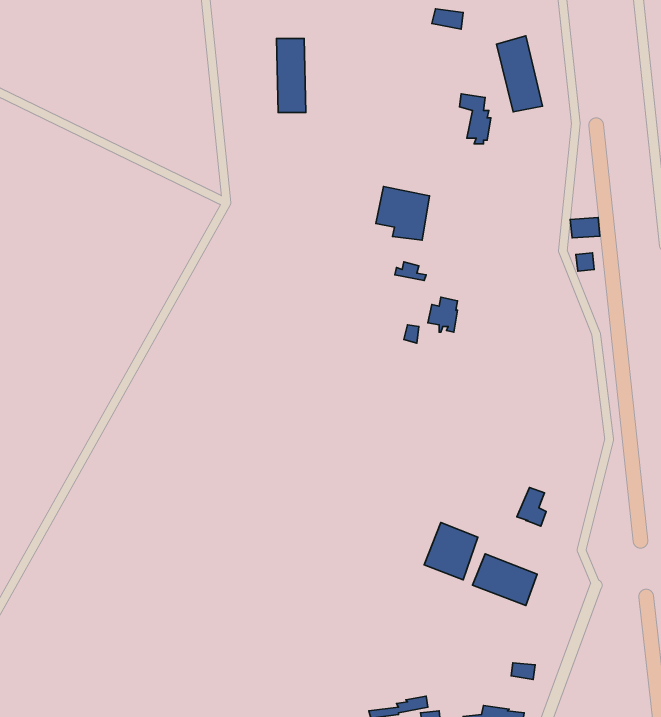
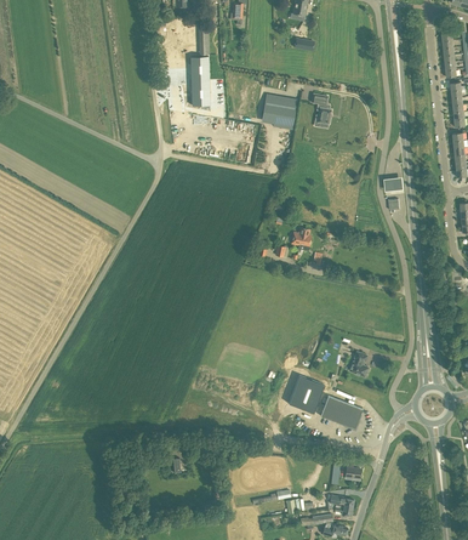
building: [497,36,542,112] -> none
building: [376,187,430,240] -> [261,93,296,129]

